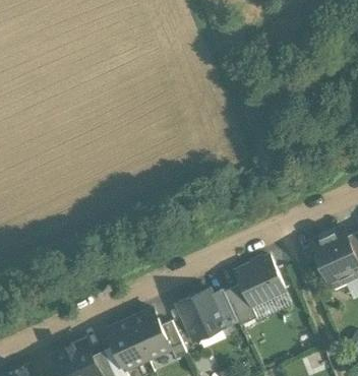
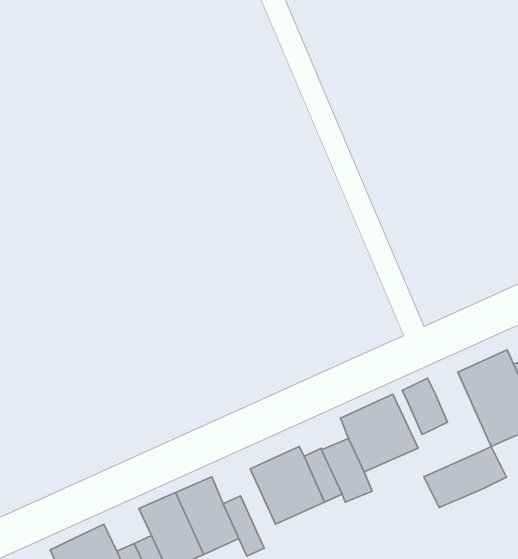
building: none -> [402,378,448,435]
building: none -> [424,446,507,507]

